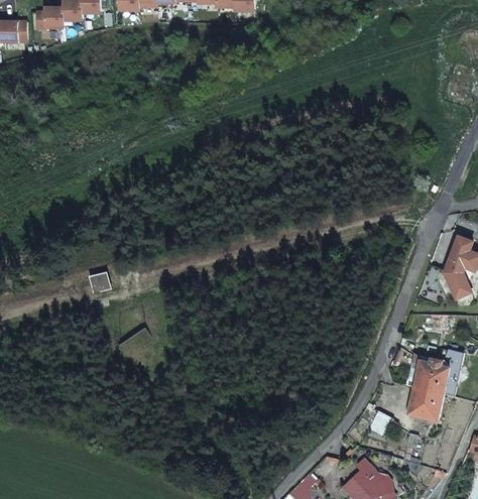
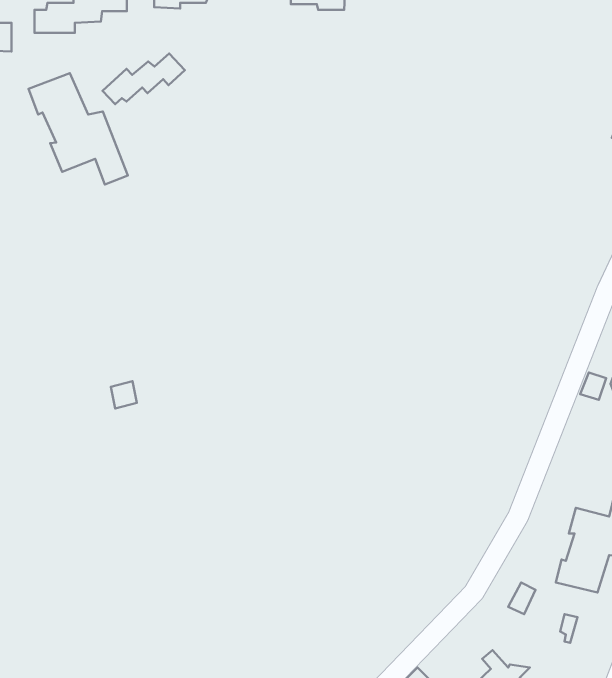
building: none -> [102,53,185,104]
building: none -> [28,73,128,184]

